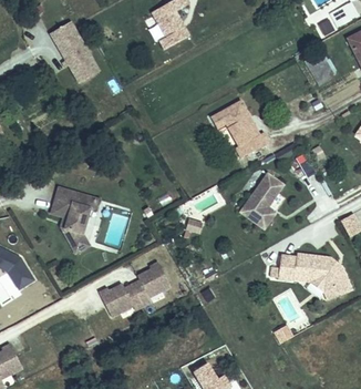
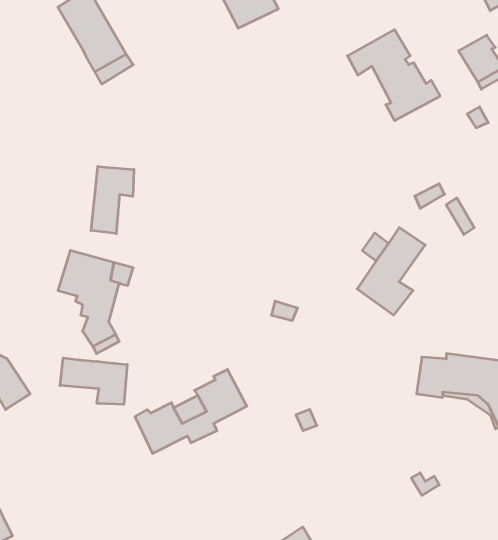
building: [210,99,269,156] -> [347,30,440,121]
building: none -> [91,166,134,234]
building: none -> [60,358,127,404]

